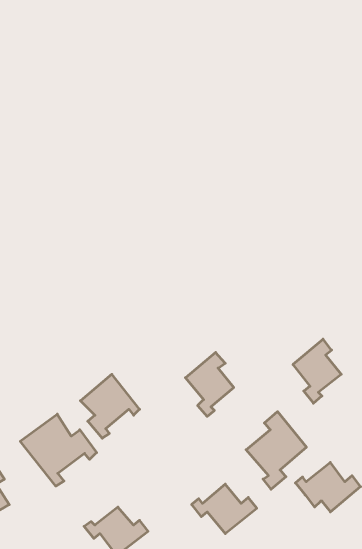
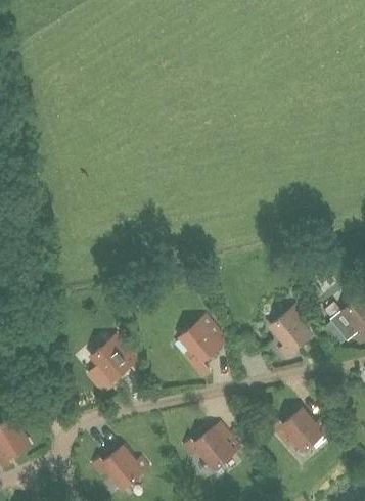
building: [246,412,306,489] -> none
building: [20,414,97,486] -> none

